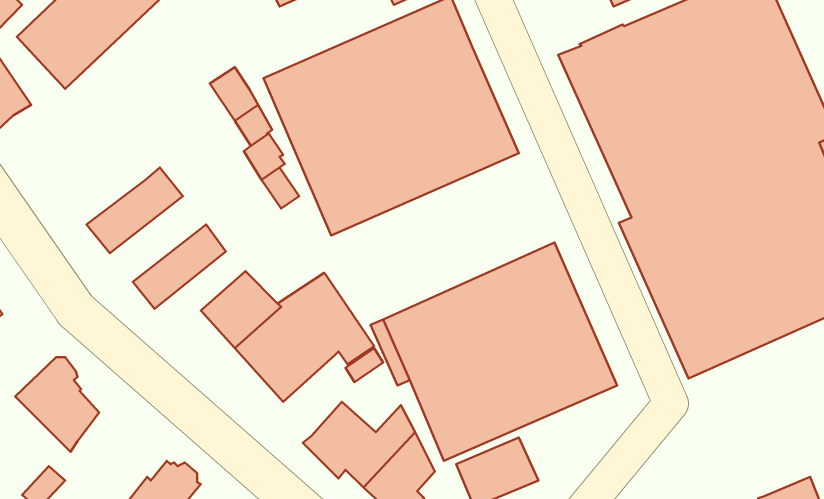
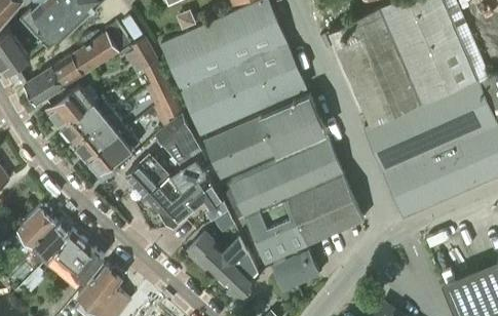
building: none -> [22,34,116,107]
building: none -> [44,85,92,129]
building: none -> [204,95,324,179]
building: none -> [72,113,127,162]
building: none -> [155,118,202,160]
building: none -> [46,232,103,280]

